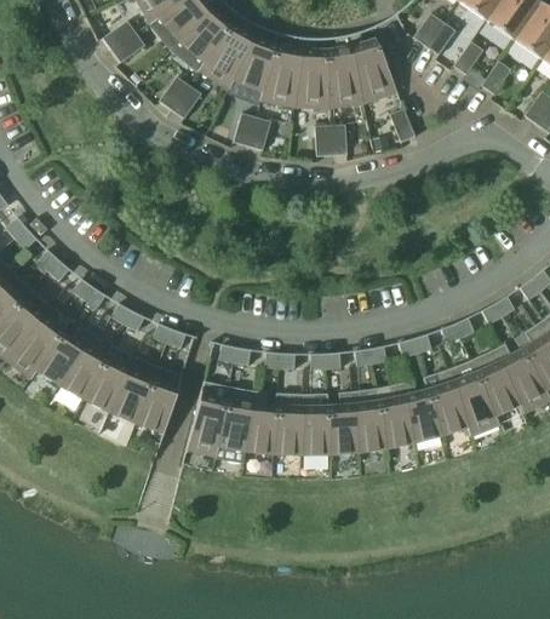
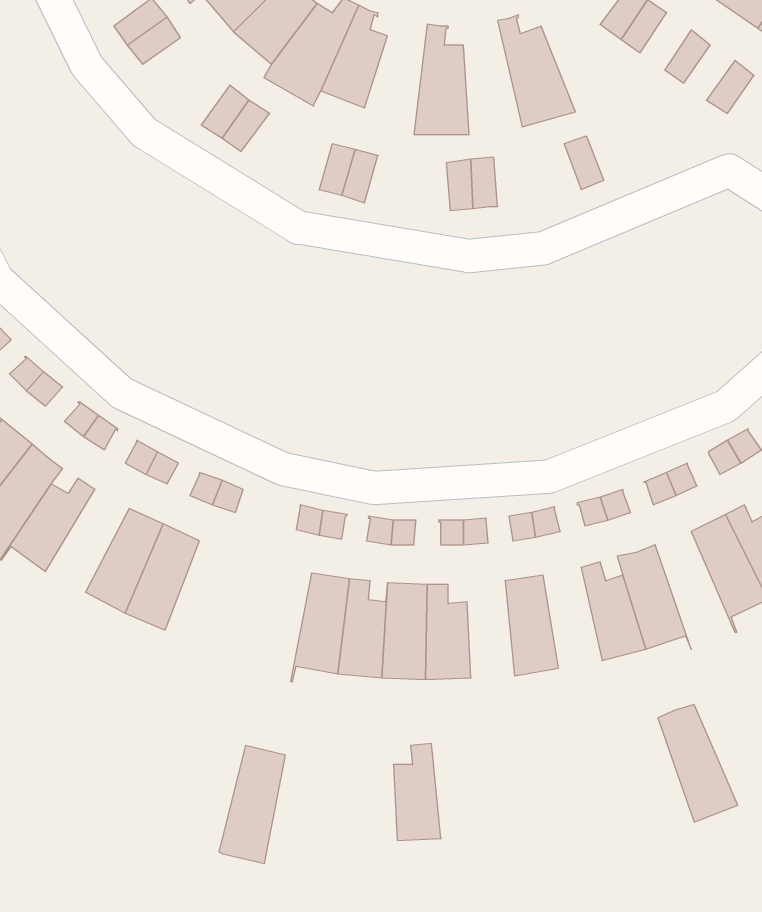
building: [325,35,362,108] -> none
building: [259,36,302,108] -> none
building: [58,334,111,400] -> none
building: [447,361,498,436] -> [658,704,738,822]
building: [134,367,181,434] -> none
building: [185,382,228,457] -> [219,746,285,863]
building: [376,384,413,448] -> none
building: [327,392,357,454] -> [393,744,441,840]

